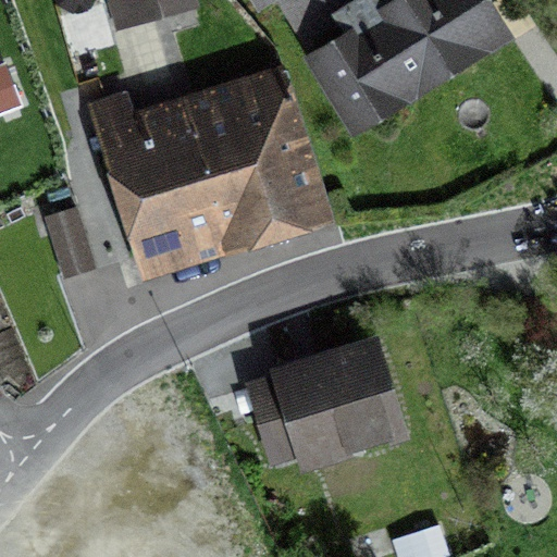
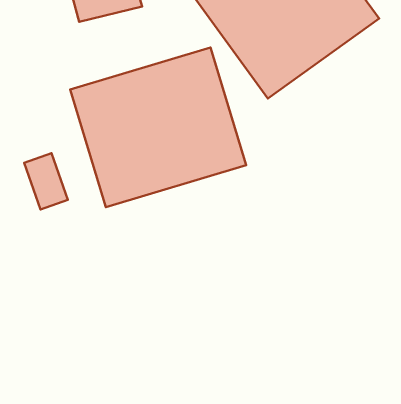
building: [236,336,410,472] -> none

